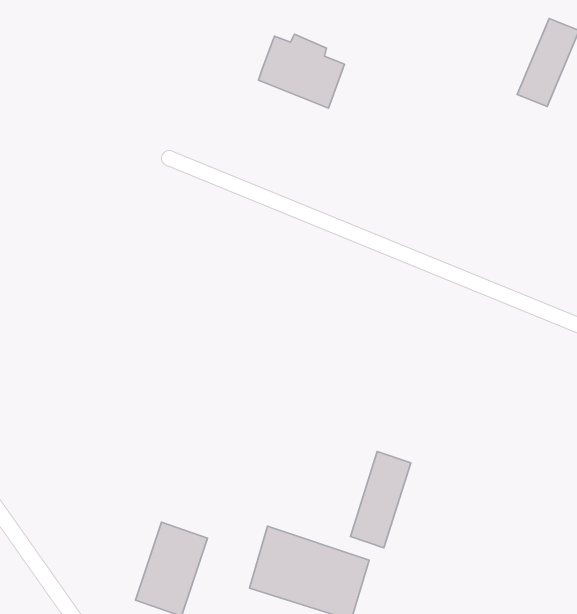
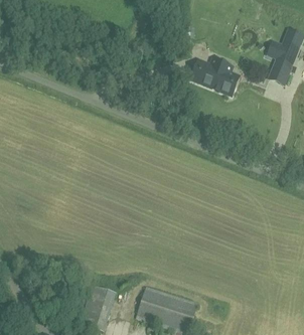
building: [258,34,344,108] -> [196,58,240,96]
building: [350,452,411,548] -> none

